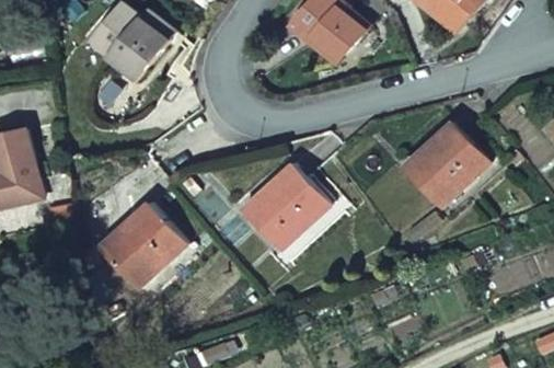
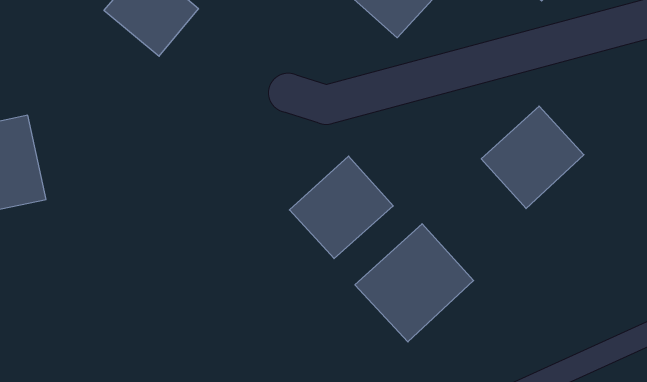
building: [100,203,185,288] -> none
building: none -> [355,224,474,342]

